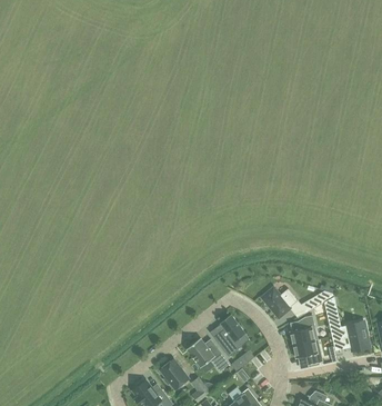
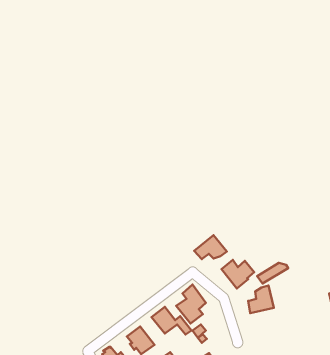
building: none -> [194,235,227,259]
building: [325,310,369,351] -> none
building: [292,339,322,366] -> none

